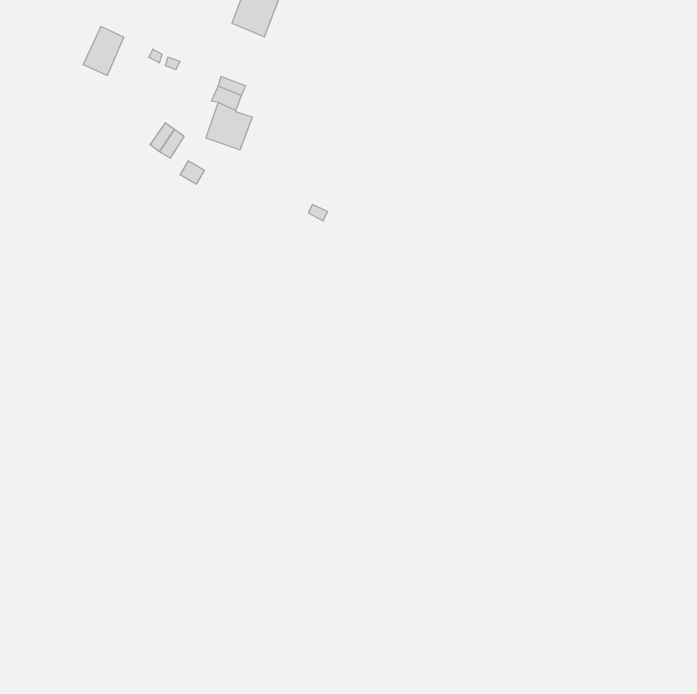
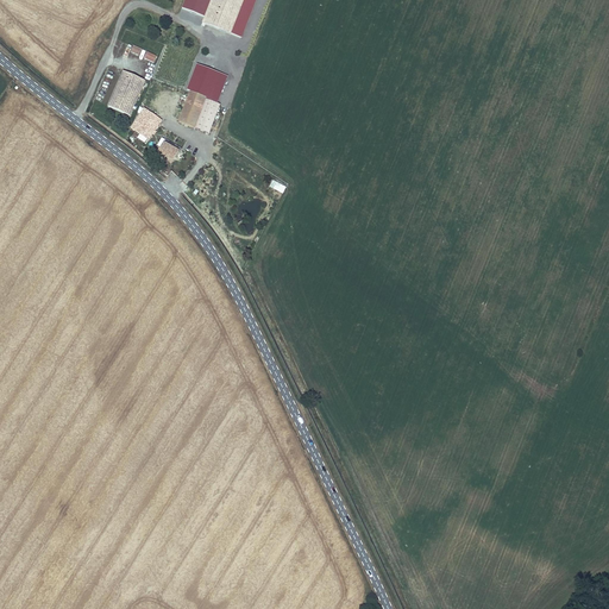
building: [83,26,124,75] -> [108,70,144,113]

